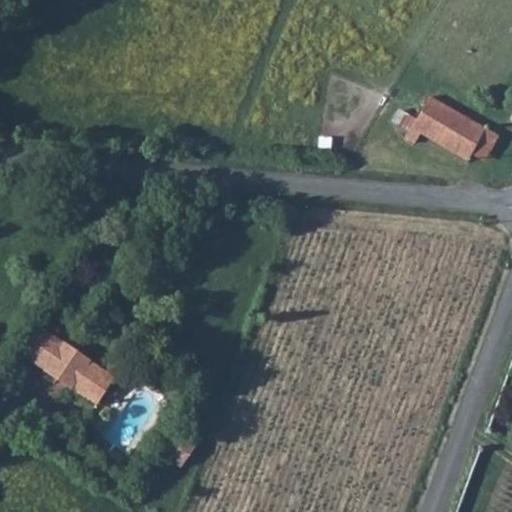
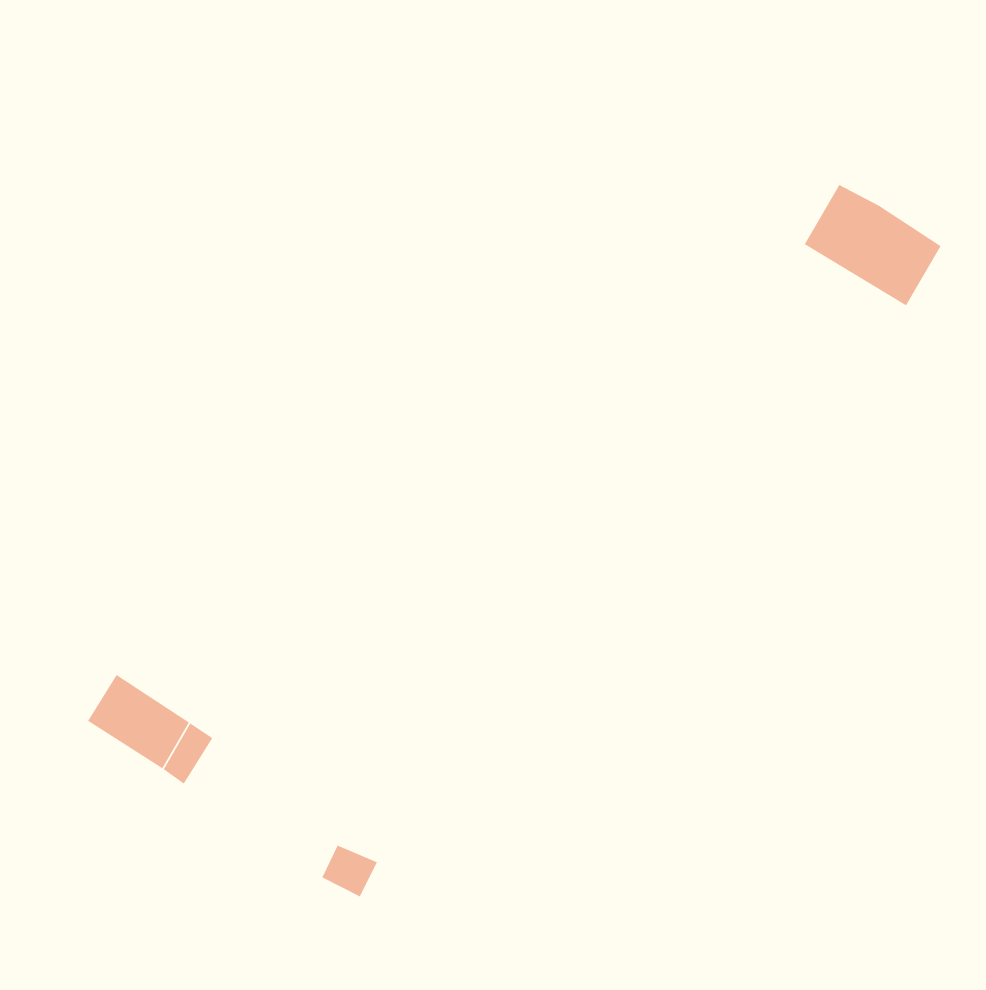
building: [24,333,62,372] -> none

